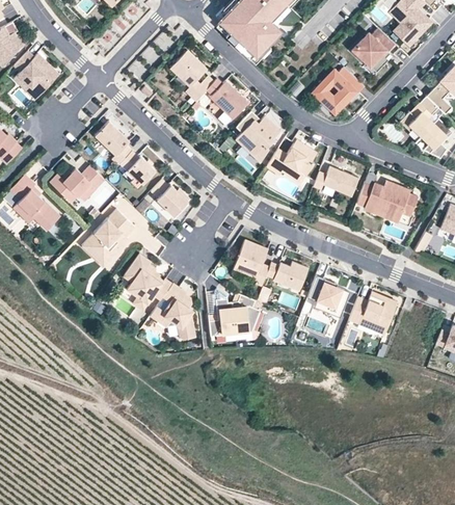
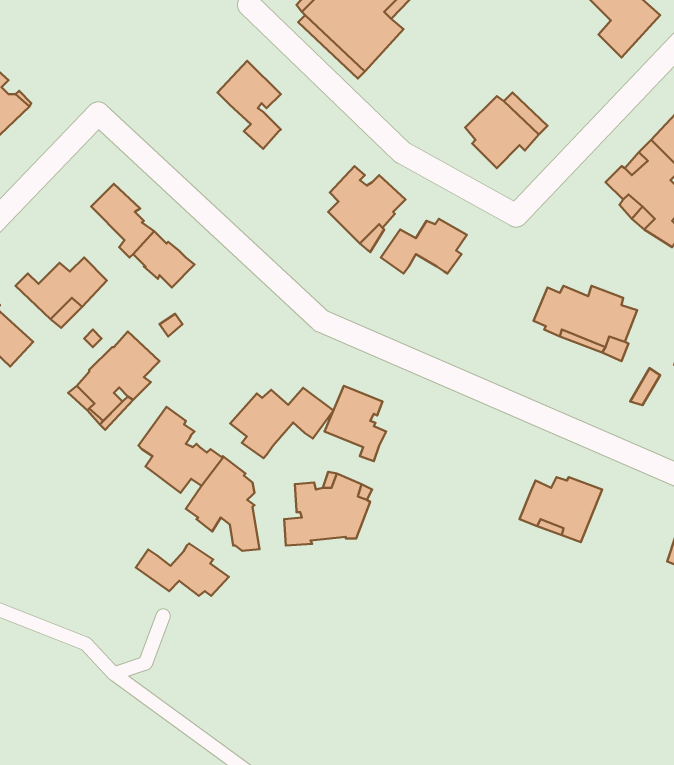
building: [352,28,396,72] -> none
building: [207,79,249,119] -> none
building: [314,166,359,195] -> none
building: [152,179,191,215] -> none
building: none -> [230,388,333,458]
building: [266,262,309,292] -> none
building: [320,281,349,310] -> none
building: none -> [136,543,229,596]

